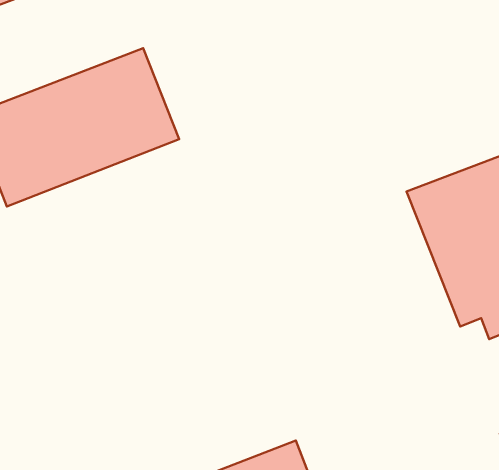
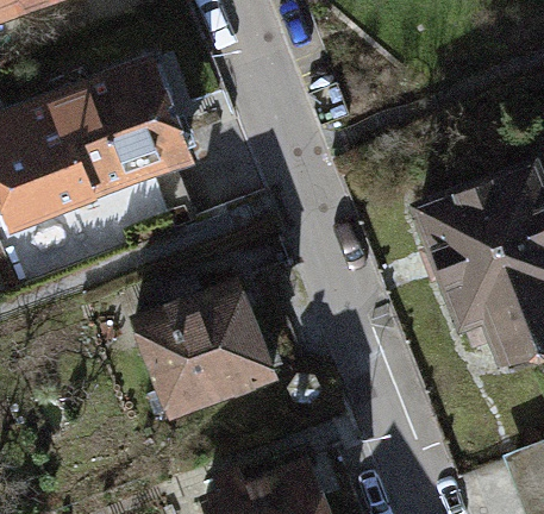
building: none -> [127,283,273,416]

